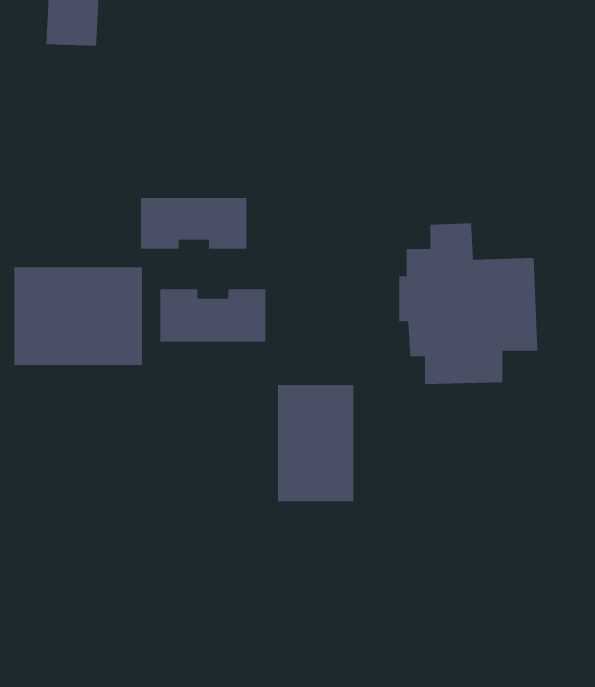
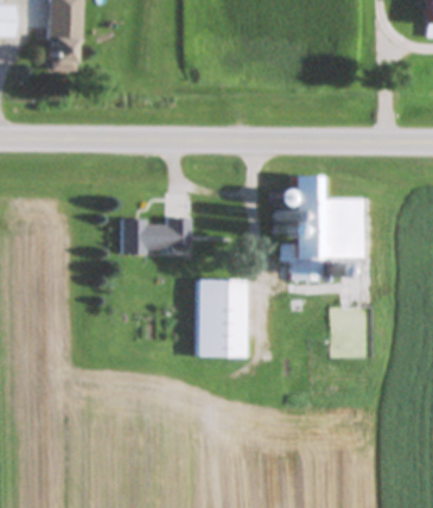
building: [140,197,247,249] -> none
building: [14,266,143,366] -> none

